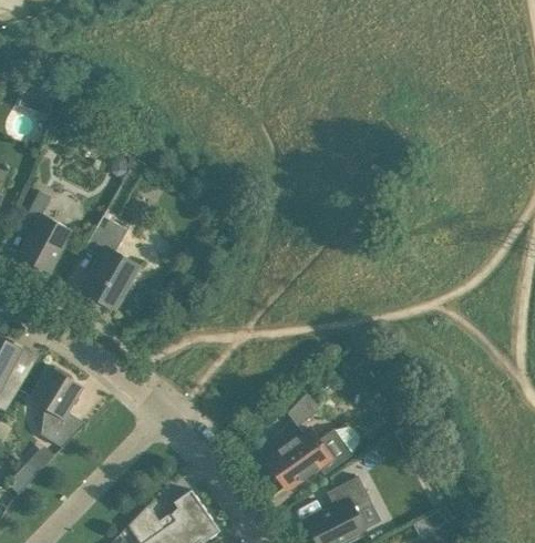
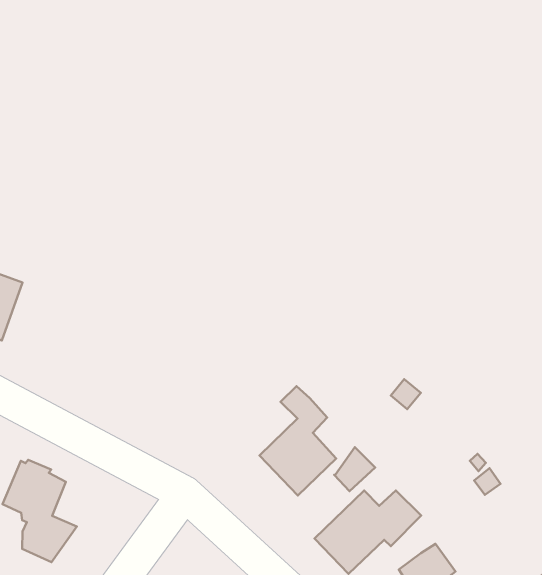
building: [81,216,138,309] -> none
building: none -> [259,386,336,496]

